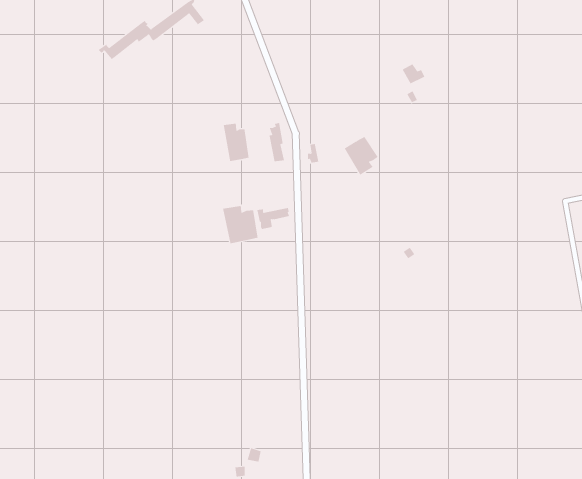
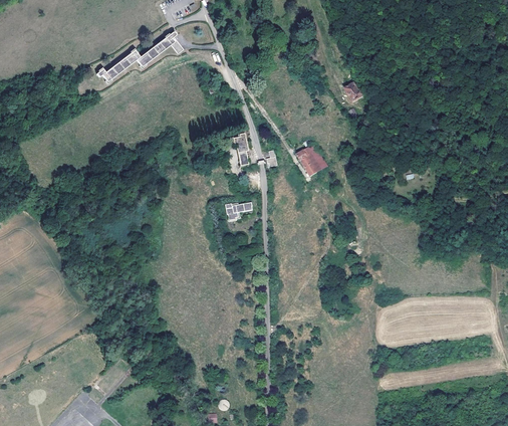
building: [223,123,249,162] -> none
building: [223,205,258,244] -> none

